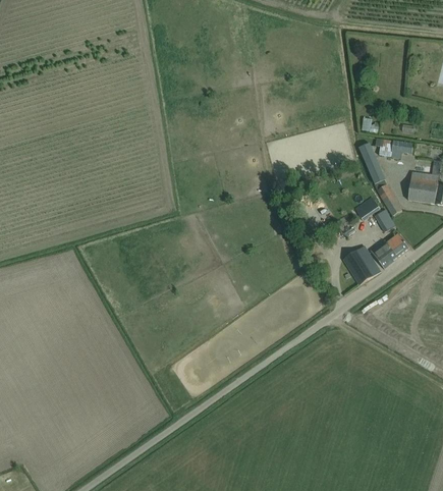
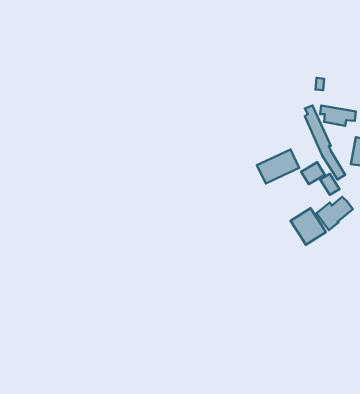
building: none -> [257,150,299,183]

